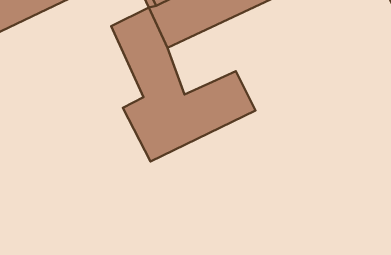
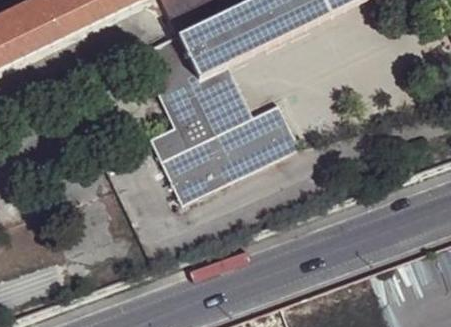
building: none -> [201,66,251,130]

